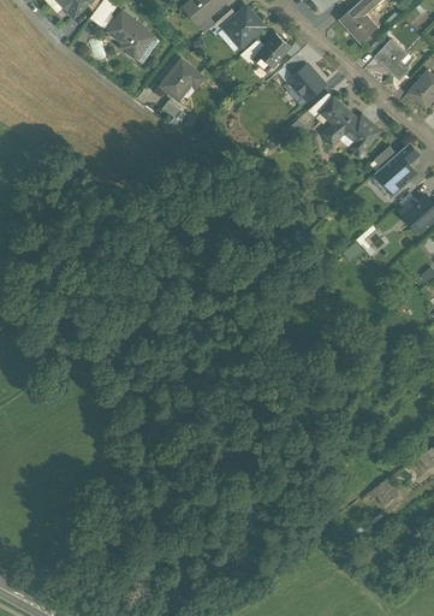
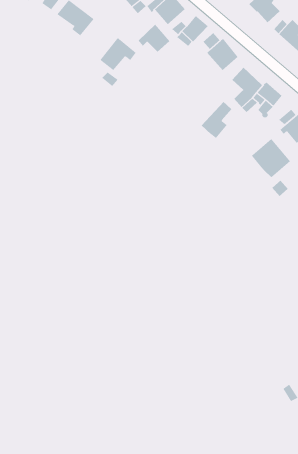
building: none -> [138,24,170,53]
building: none -> [201,101,232,139]
building: none -> [251,138,291,178]

